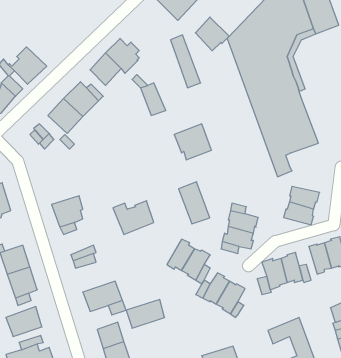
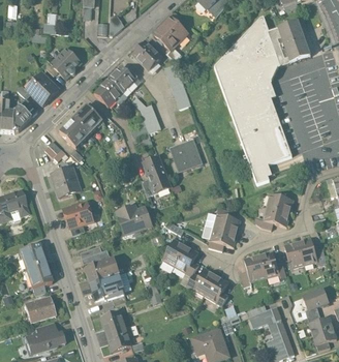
building: [195,17,229,51] -> [133,39,162,68]
building: none -> [53,48,81,78]
building: none -> [51,165,81,197]
building: [179,182,210,224] -> [144,156,171,192]
building: [126,299,165,328] -> [85,259,118,283]

